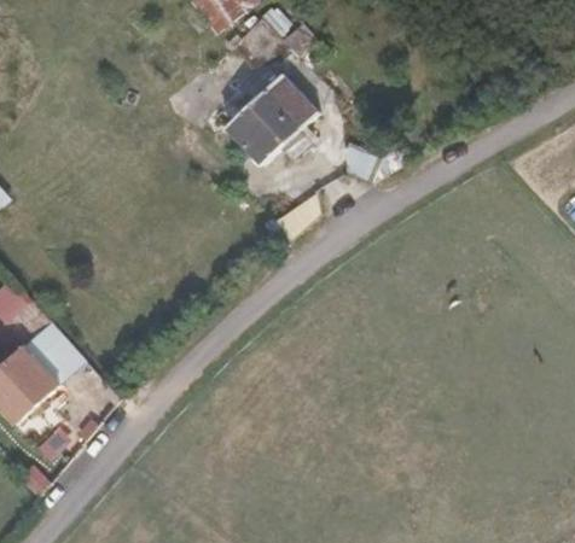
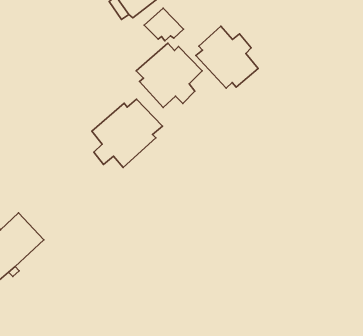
building: none -> [196,26,258,88]
building: none -> [92,99,162,167]

